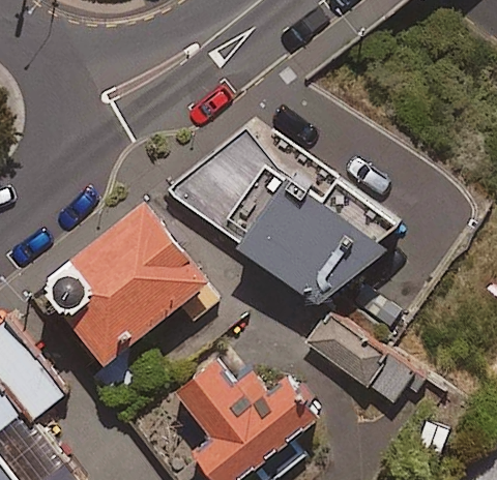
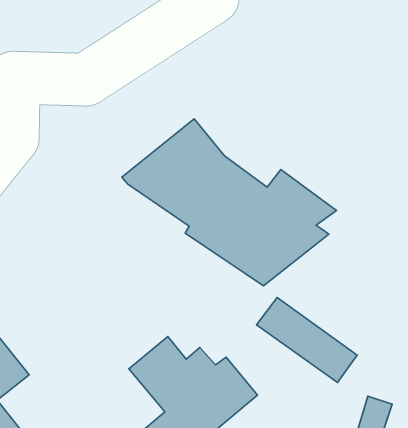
building: [43,202,221,366] -> none

